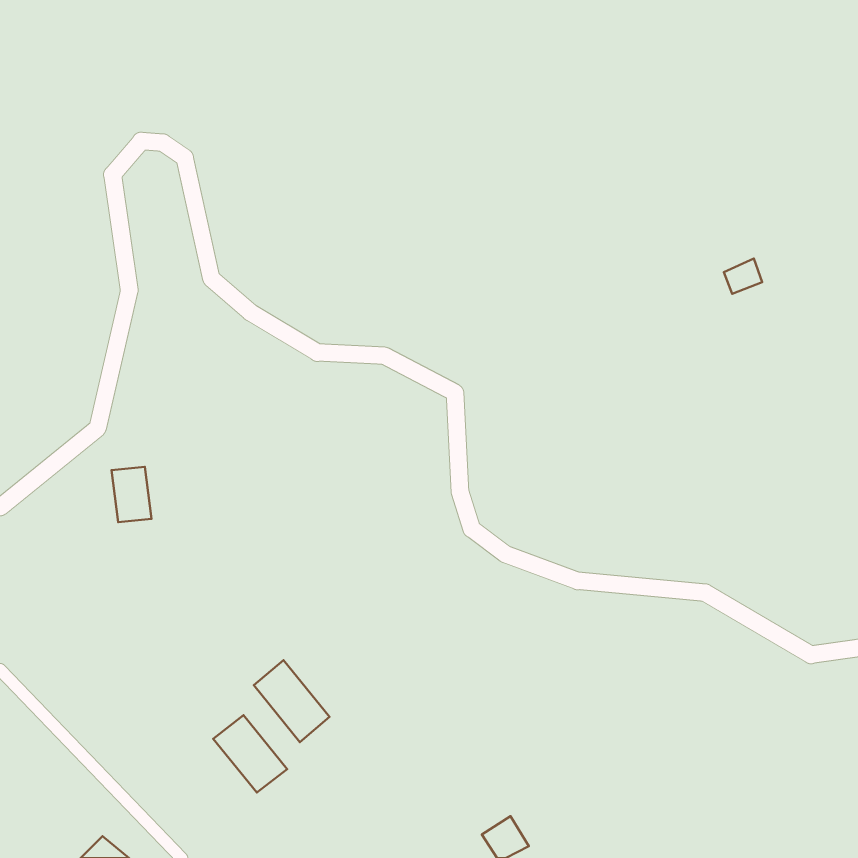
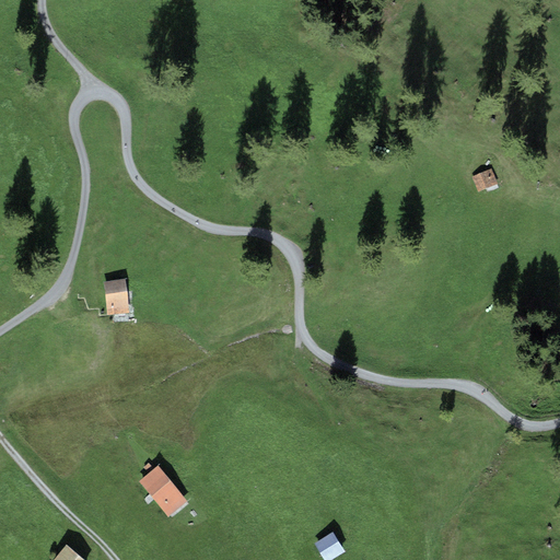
building: [111,467,152,522] -> [103,279,129,315]
building: [254,660,330,742] -> none

